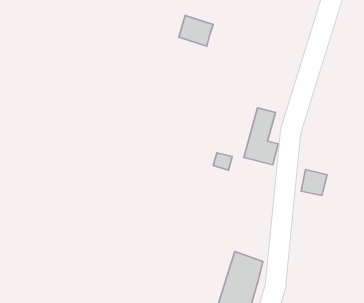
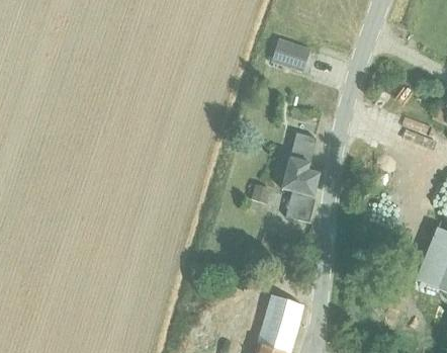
building: [179,15,213,46] -> [271,37,309,72]
building: [301,169,327,196] -> [286,192,316,222]

